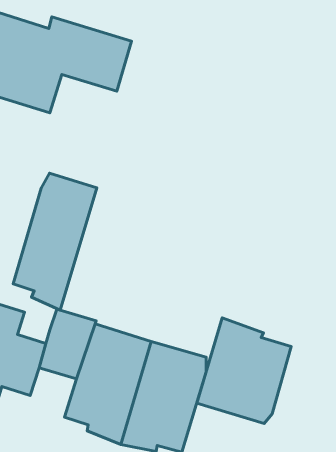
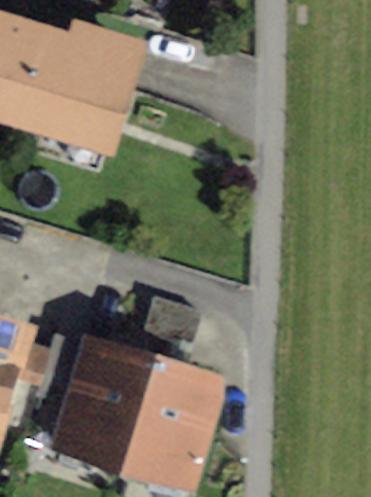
building: [13,173,97,310] -> none
building: [197,318,291,423] -> none

